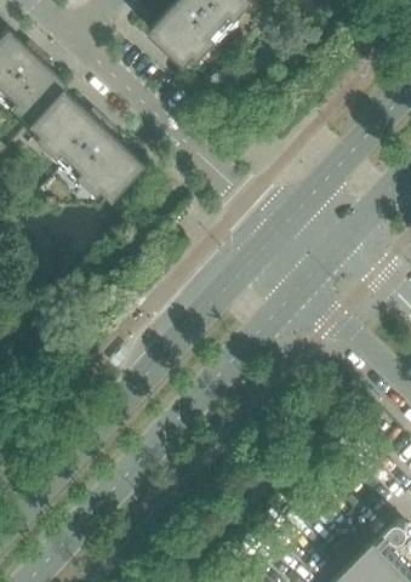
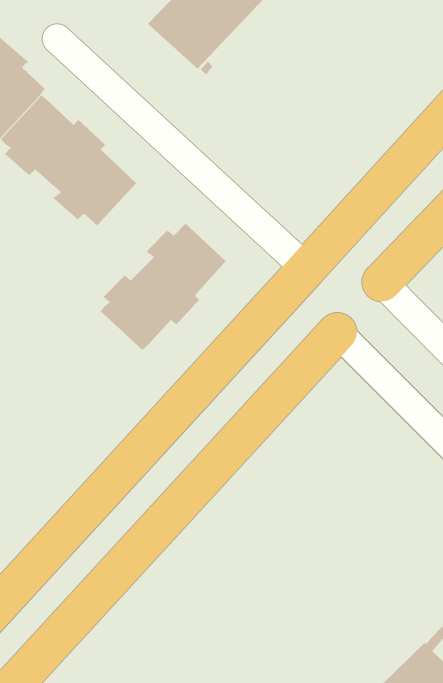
building: none -> [100,223,227,351]

